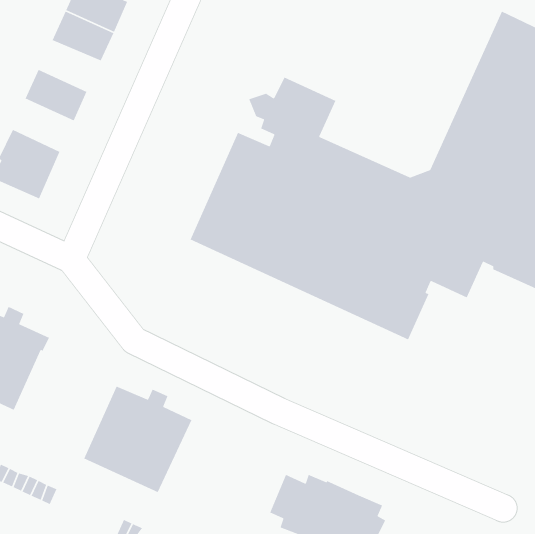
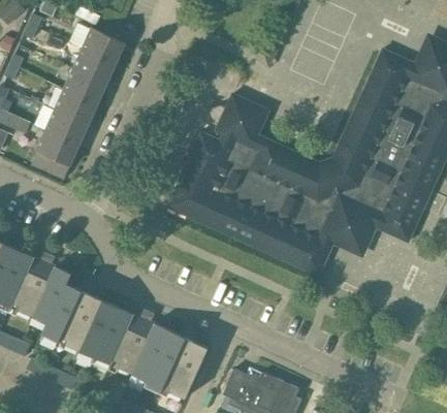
building: none -> [63,70,106,105]
building: none -> [45,110,88,147]
building: none -> [42,280,117,358]
building: none -> [146,326,209,400]

